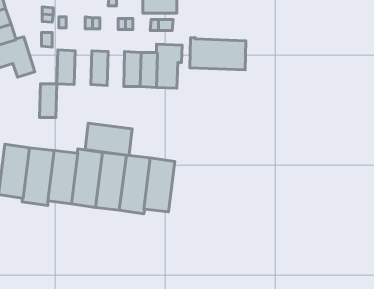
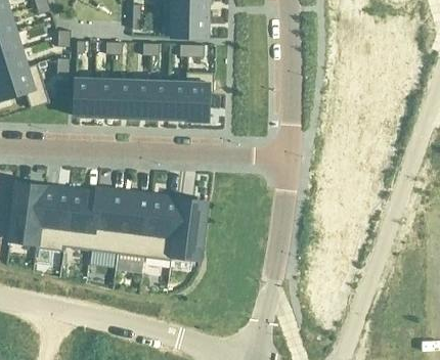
building: [190,38,246,70] -> none
building: none -> [130,79,149,118]
building: [40,84,57,118] -> [93,78,113,116]
building: [85,123,132,155] -> none

